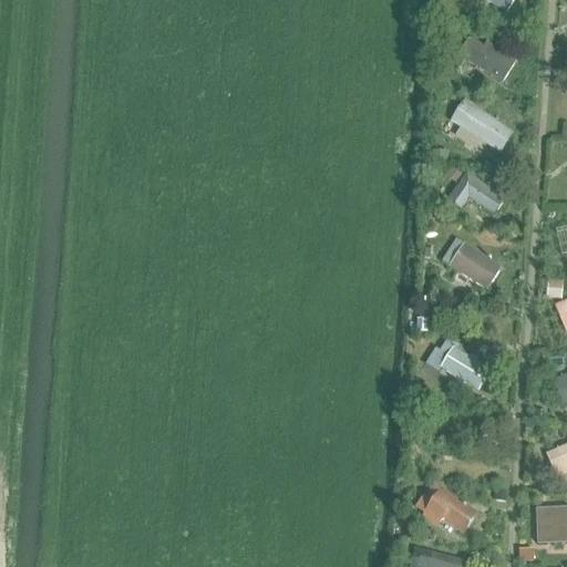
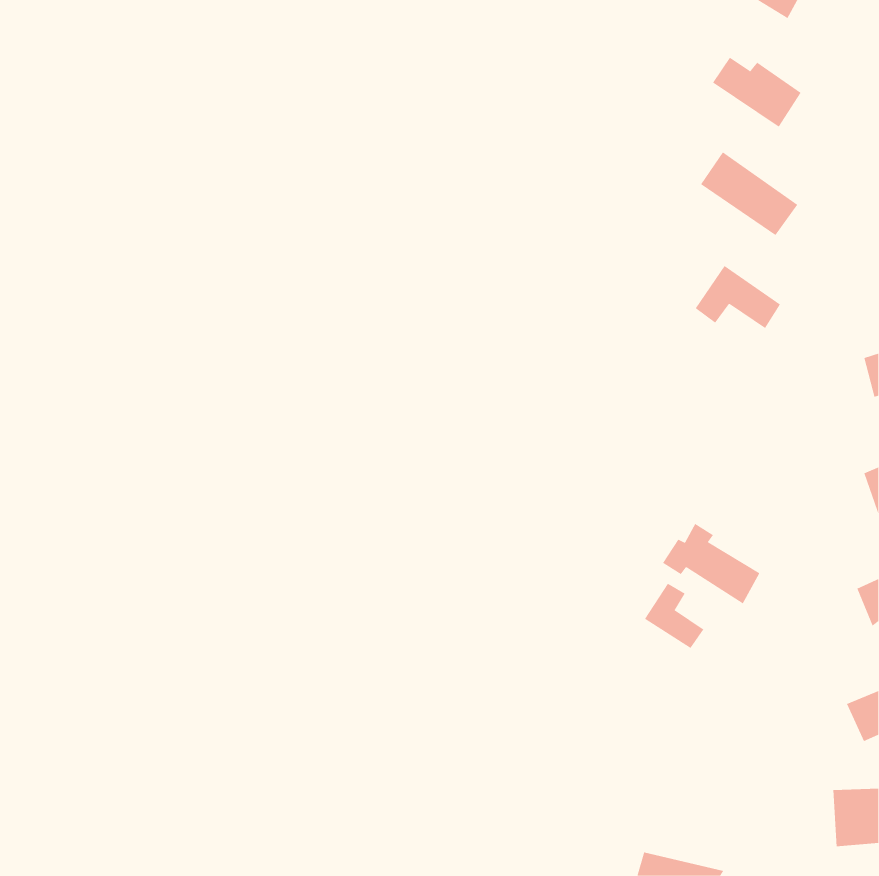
building: [442,237,502,288] -> none
building: none -> [644,583,704,649]
building: [421,487,477,534] -> none

